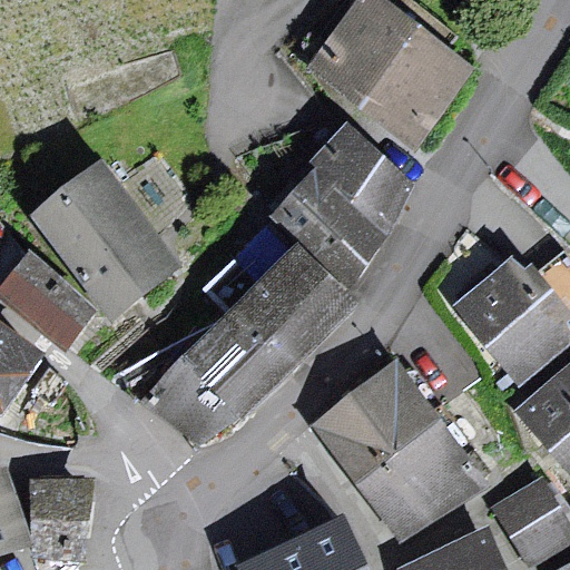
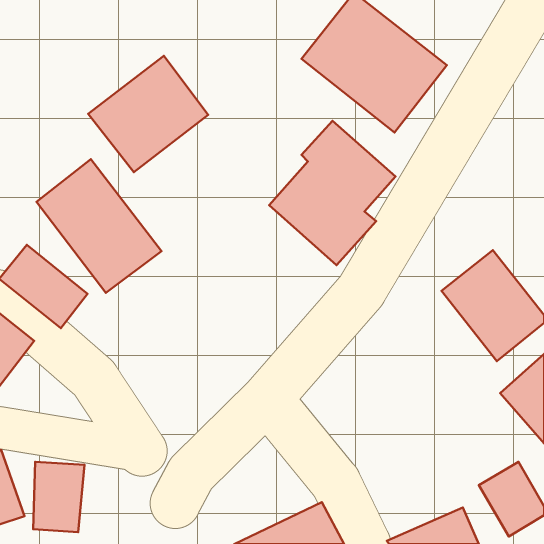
building: none -> [88,56,208,172]
building: [157,227,351,445] -> none
building: [321,366,474,531] -> none

